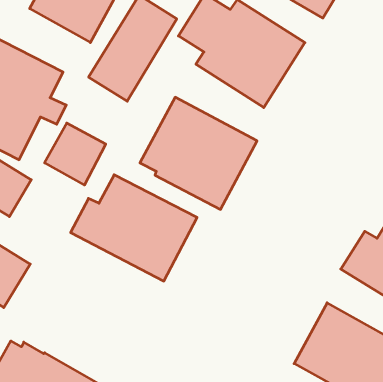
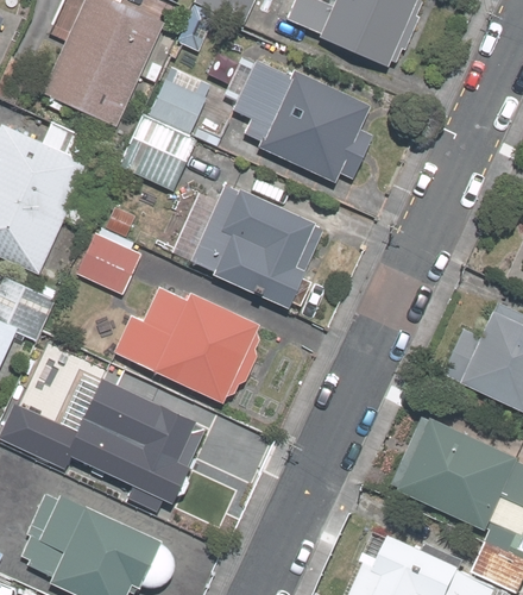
building: none -> [56,375,206,505]

